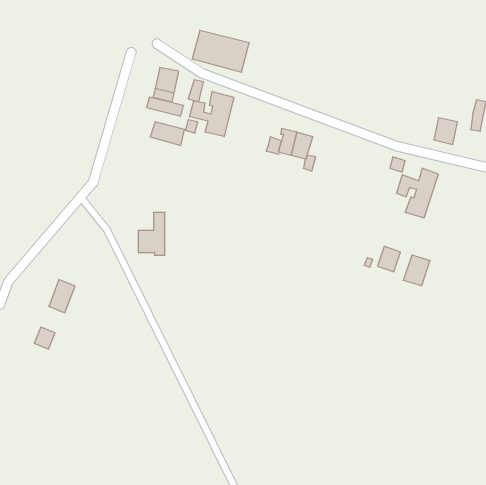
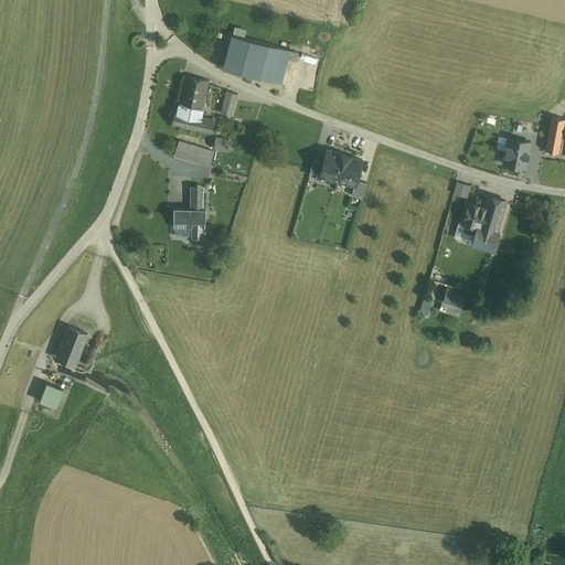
building: [189,91,234,137] -> none
building: [138,212,165,255] -> [173,190,204,239]
building: [404,255,430,286] -> none

